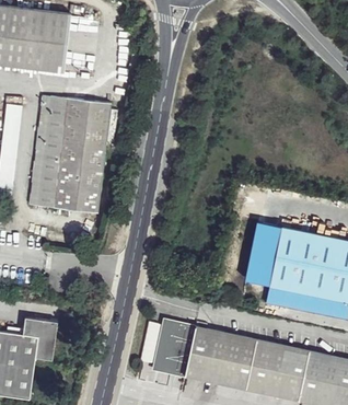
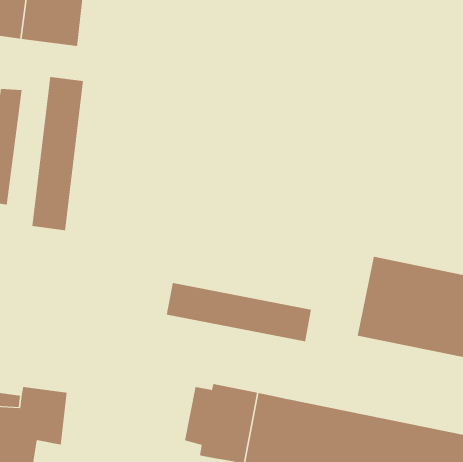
building: [56,99,112,212] -> none
building: none -> [166,282,312,342]

